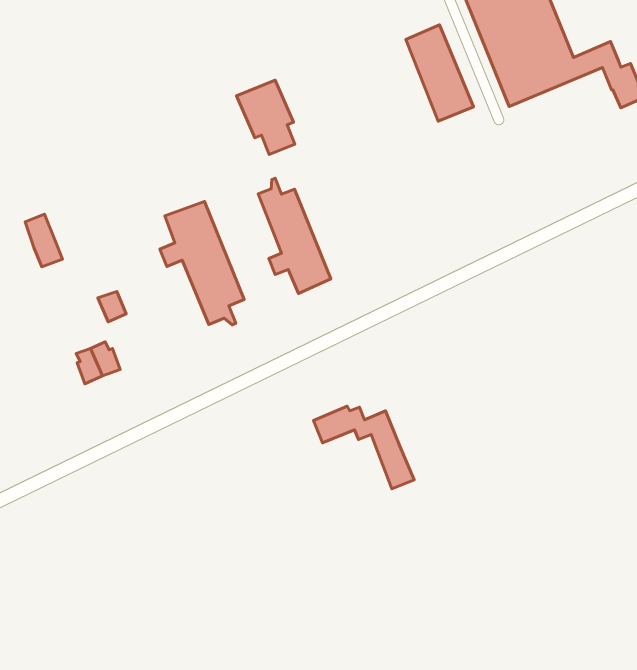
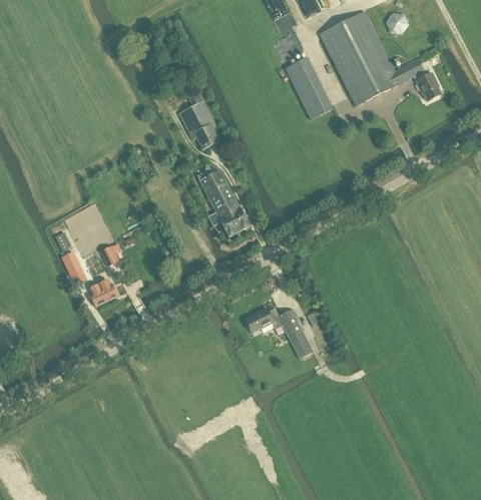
building: [160,202,244,325] -> none
building: [25,214,63,267] -> [60,249,86,284]

